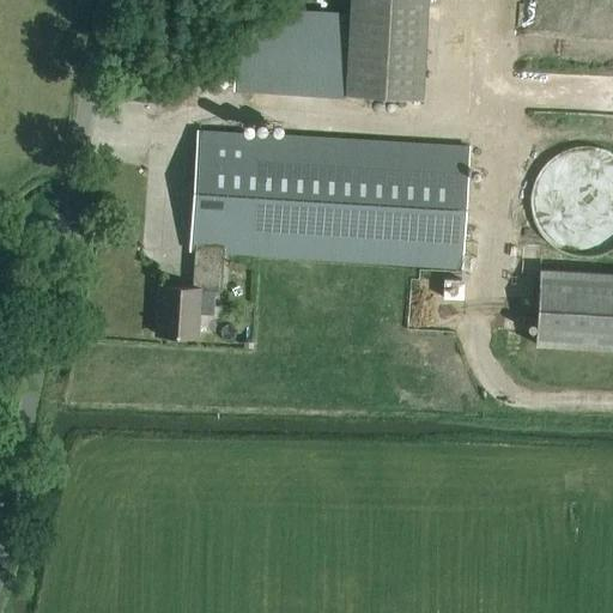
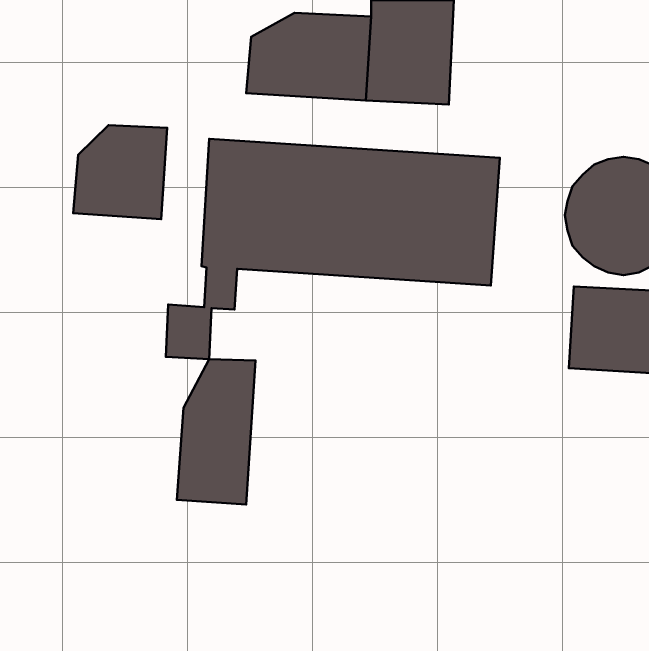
building: none -> [73,125,167,219]
building: none -> [177,359,256,505]

